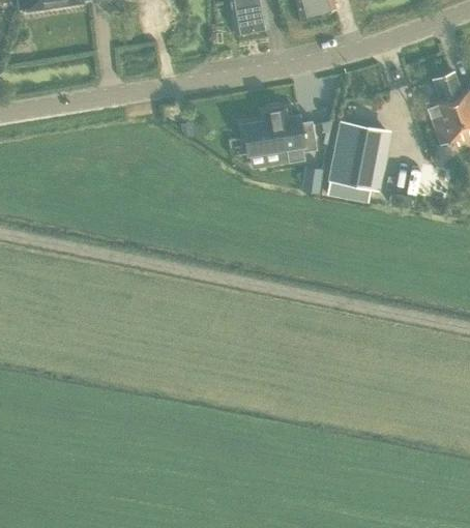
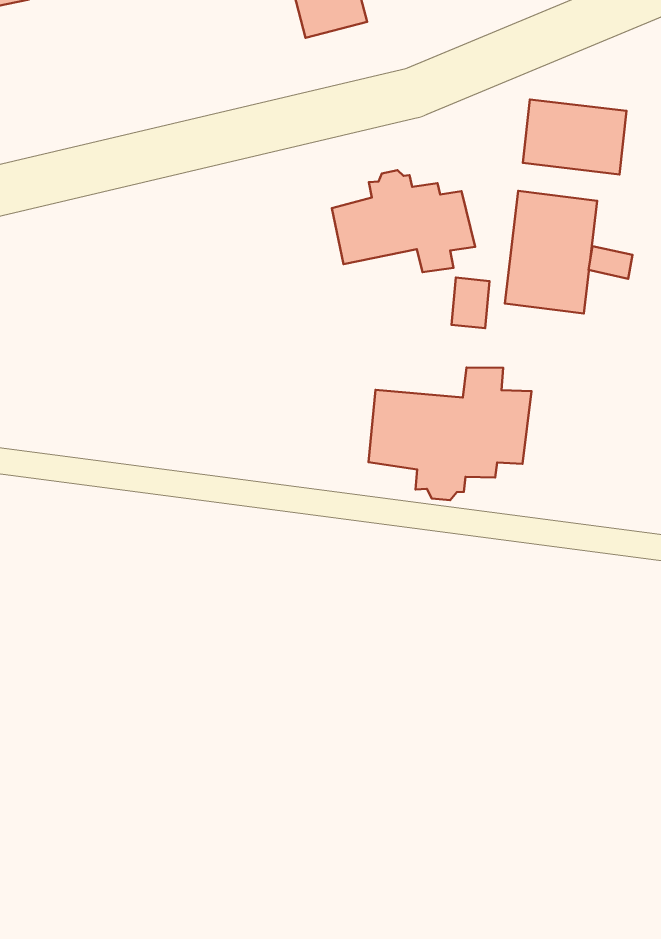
building: none -> [523,99,626,174]
building: none -> [369,367,531,500]

